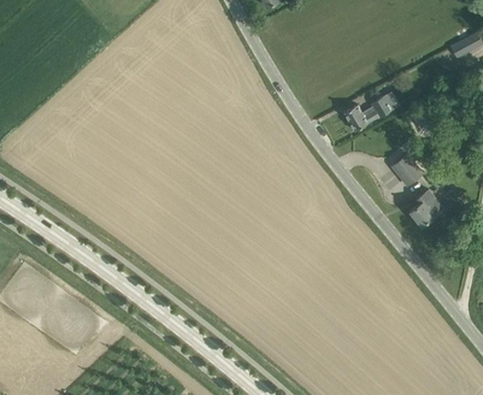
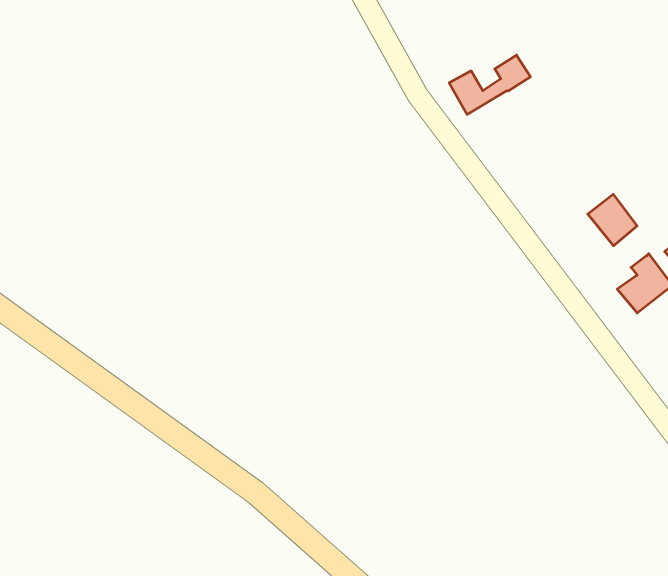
building: [342,95,391,131] -> [449,55,530,114]

